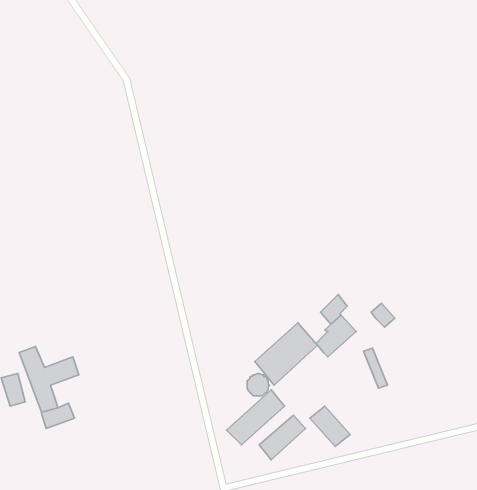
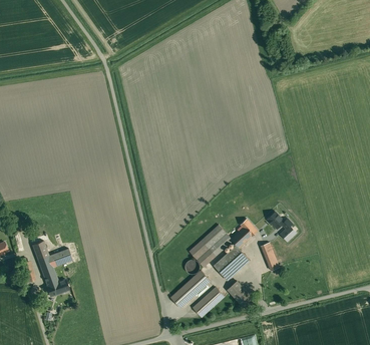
building: none -> [215,245,251,280]

